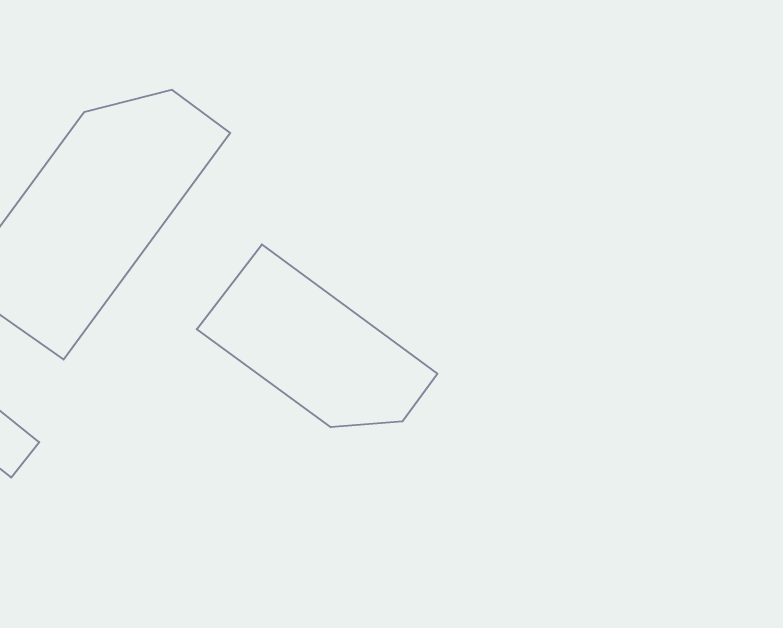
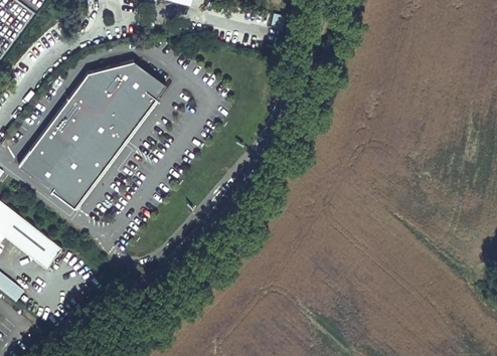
building: [197,244,437,427] -> none

